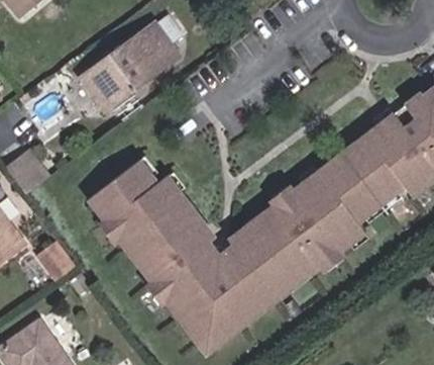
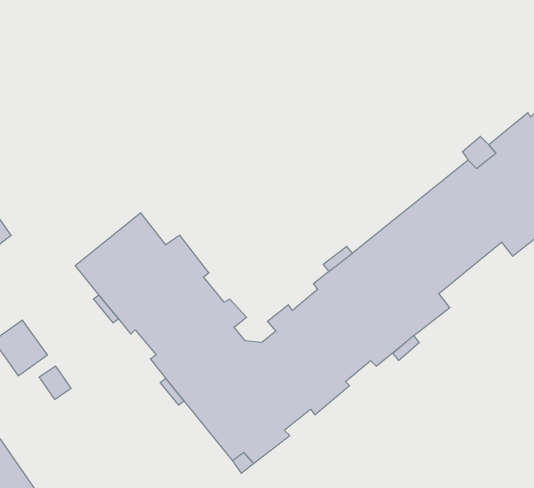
building: [81,16,182,113] -> none

